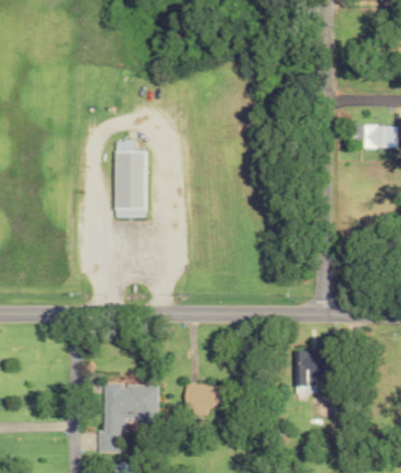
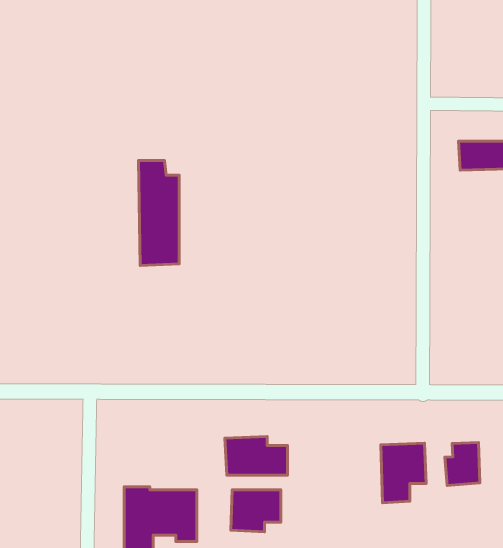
building: none -> [225,437,288,475]
building: none -> [445,442,480,486]

